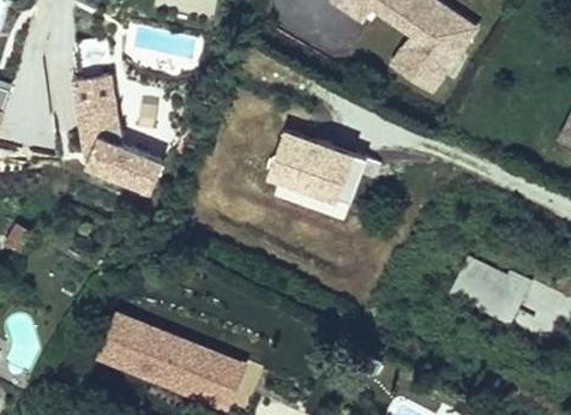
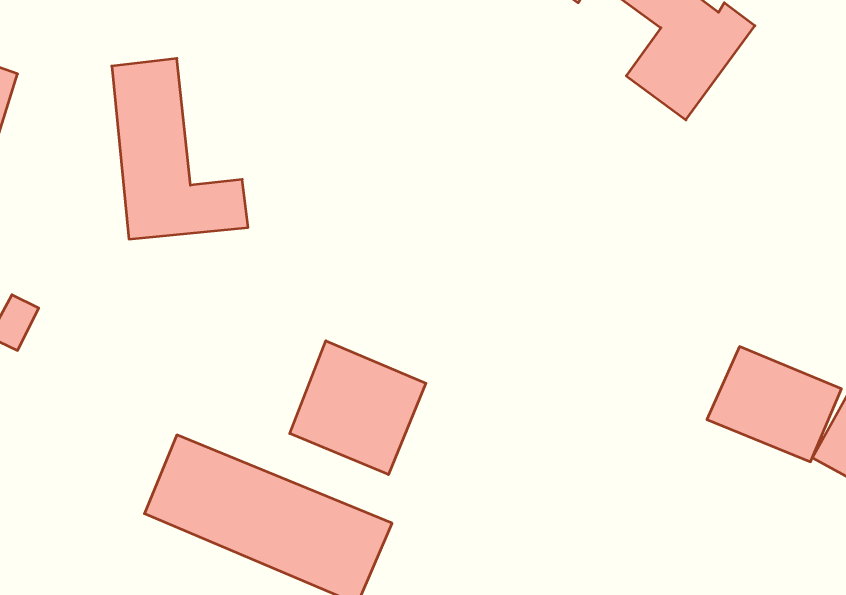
building: [264,127,367,219] -> none
building: none -> [290,341,426,475]

